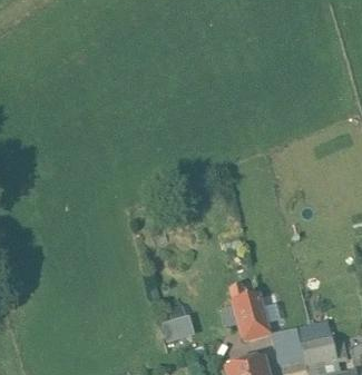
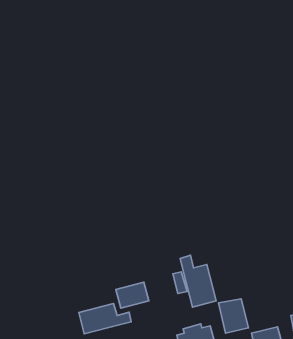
building: [297,322,337,366] -> none
building: none -> [79,303,131,334]

